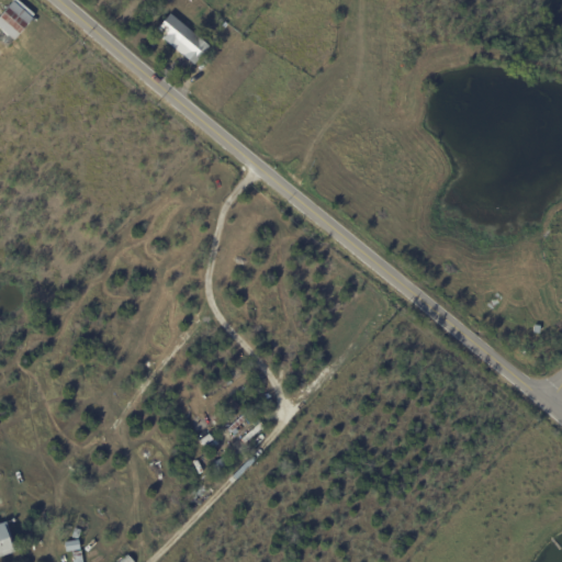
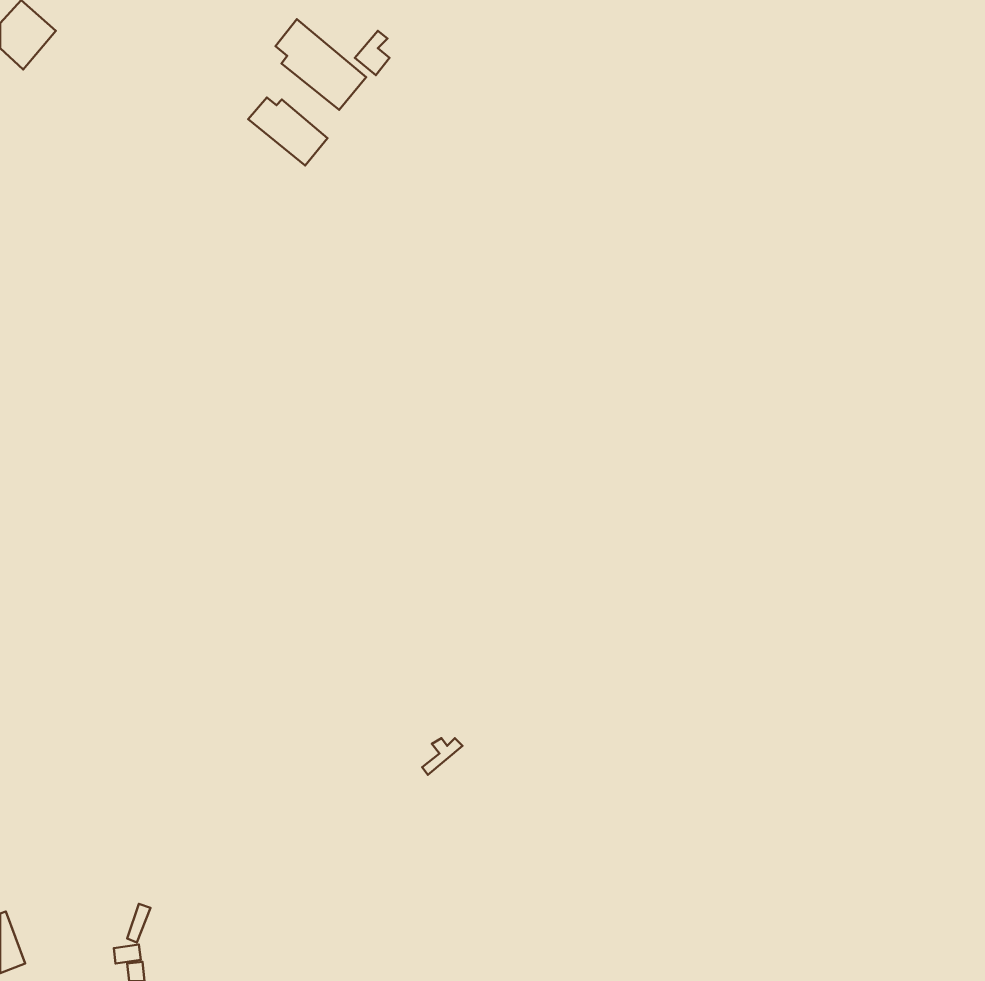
building: none -> [248,98,328,166]

